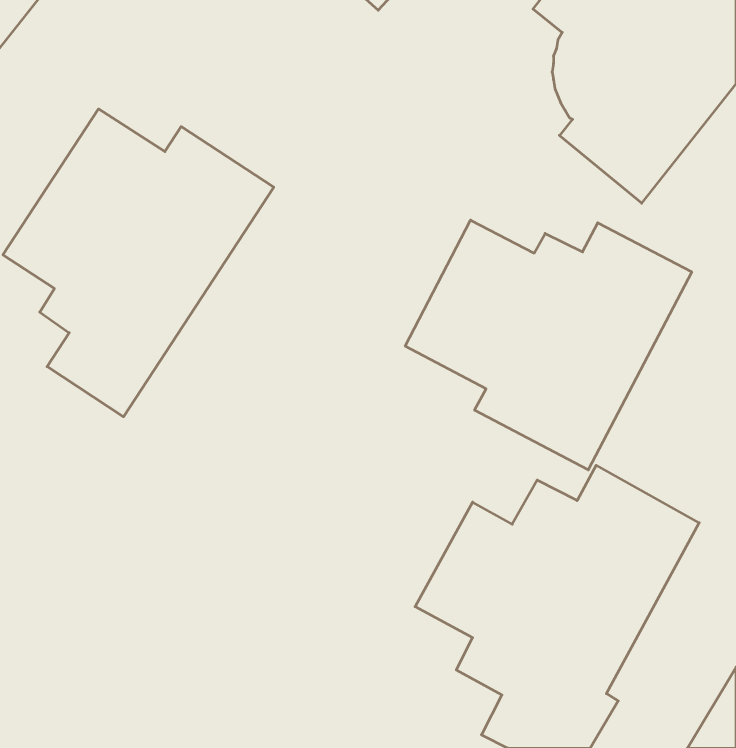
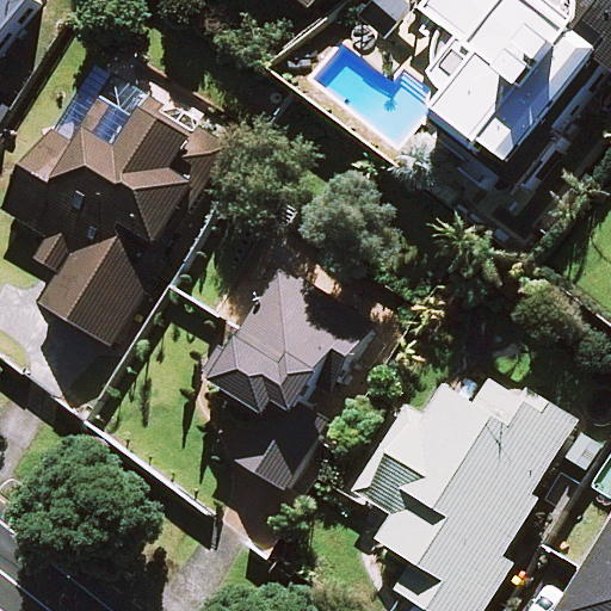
building: [405,220,692,470] -> none
building: none -> [214,269,362,485]

